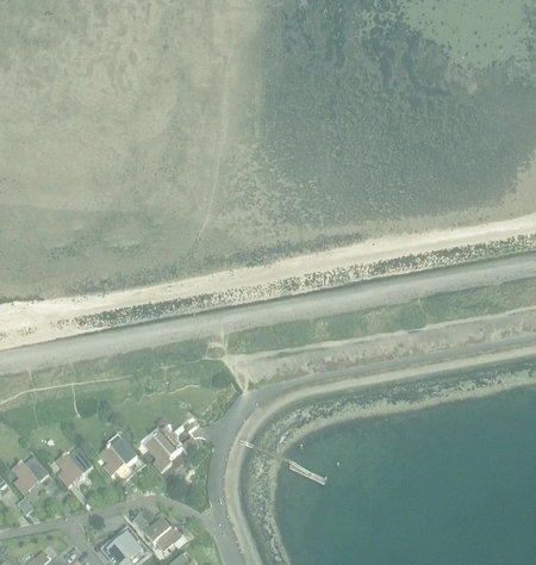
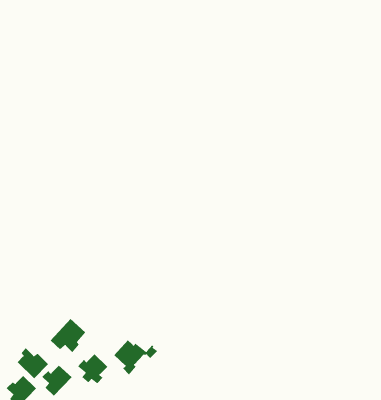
building: none -> [50,318,86,353]
building: none -> [17,347,49,379]

